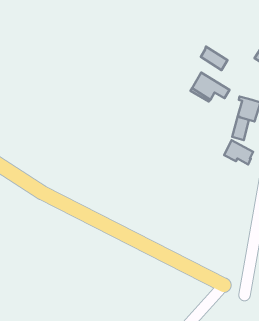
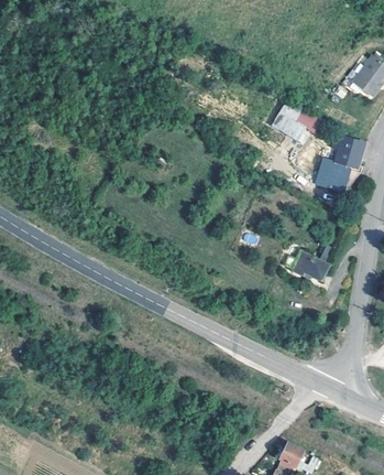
building: [201,47,228,70] -> none
building: [224,140,253,164] -> [288,247,327,279]

